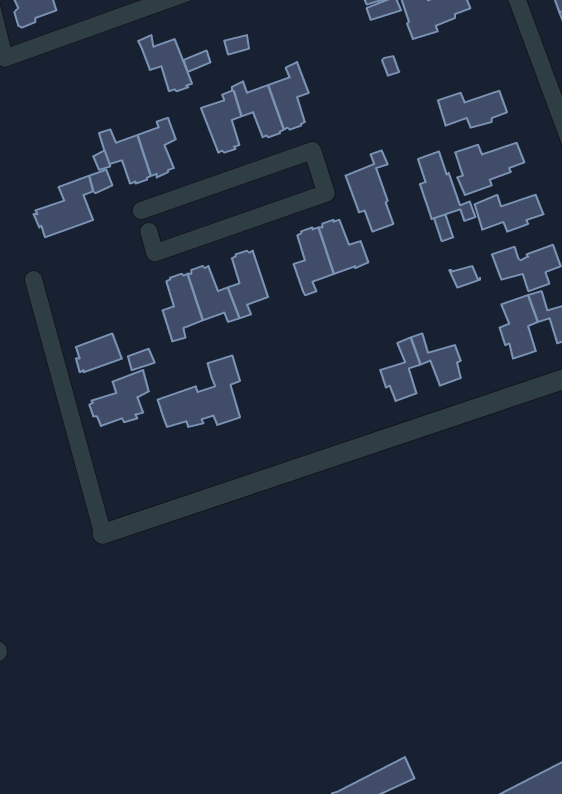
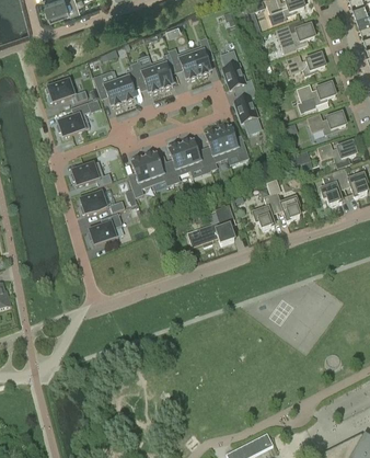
building: [138,35,192,91] -> [130,61,161,93]
building: none -> [275,25,314,46]
building: none -> [47,79,88,103]
building: [418,151,476,221] -> [221,50,254,90]
building: none -> [181,140,209,171]
building: none -> [70,161,112,186]
building: [157,356,240,427] -> [186,205,233,245]

